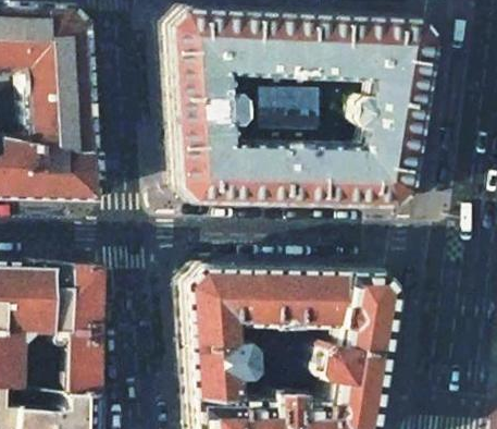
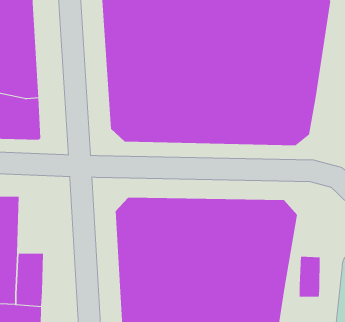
building: [69,266,100,332] -> none
building: none -> [299,256,320,297]

